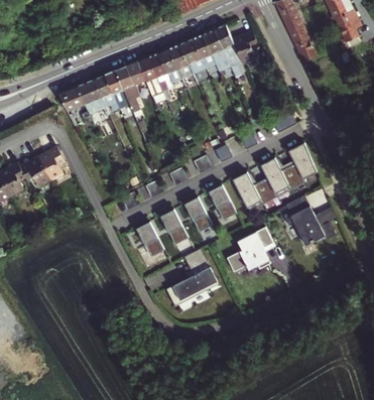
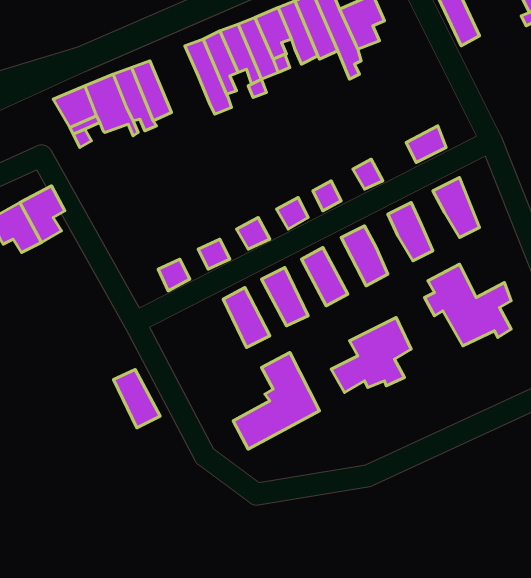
building: [116,62,145,113] -> none
building: [280,163,304,189] -> none
building: [253,177,277,205] -> none
building: [136,222,164,257] -> [113,369,160,428]

